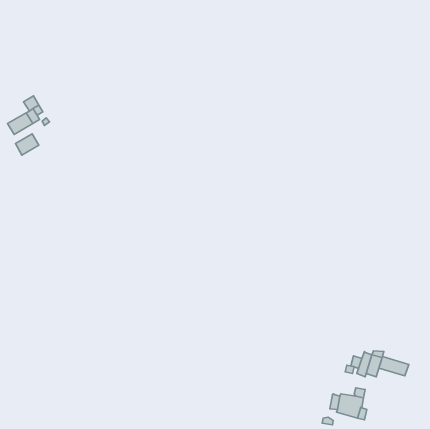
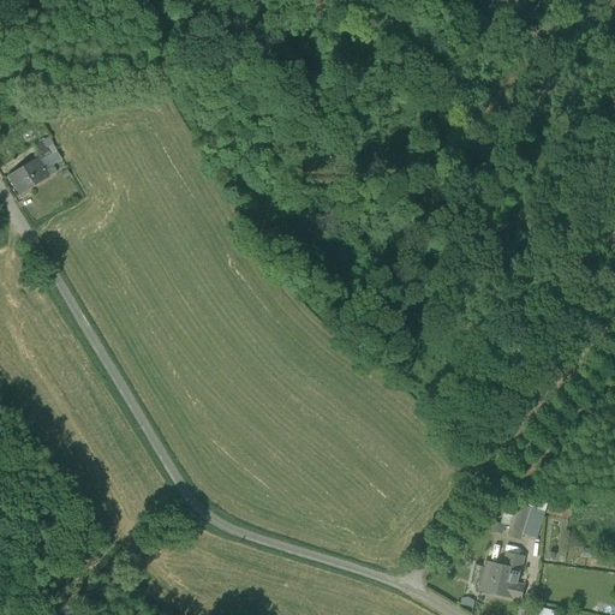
building: [15,134,39,155] -> none
building: [379,356,409,376] -> none

